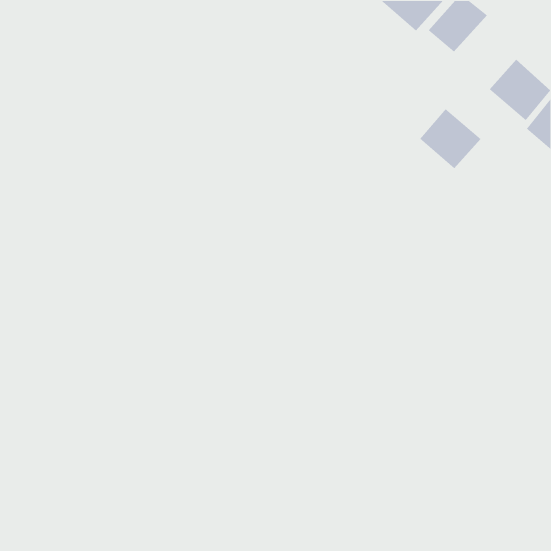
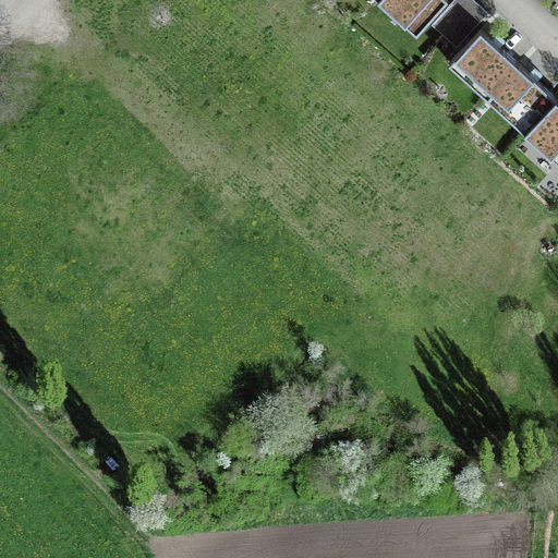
building: [419,108,481,169] -> [453,35,515,96]

